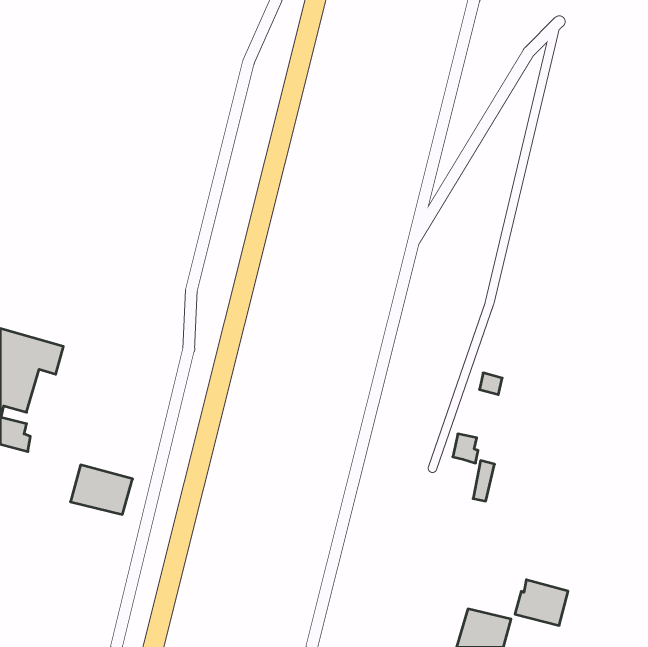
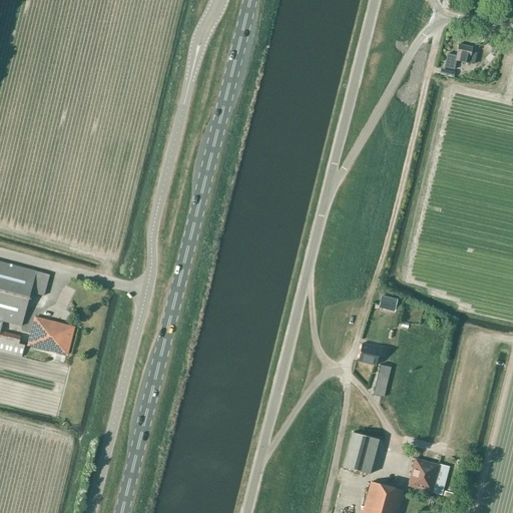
building: none -> [444,43,477,69]
building: [70,465,133,514] -> [26,316,75,355]
building: none -> [343,432,379,474]

